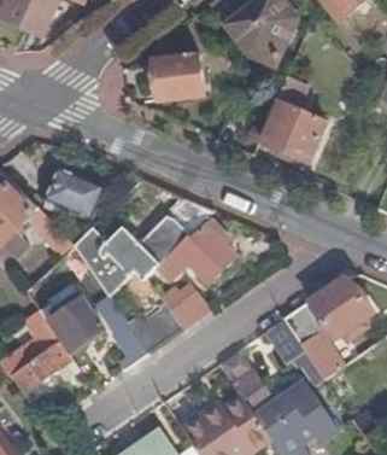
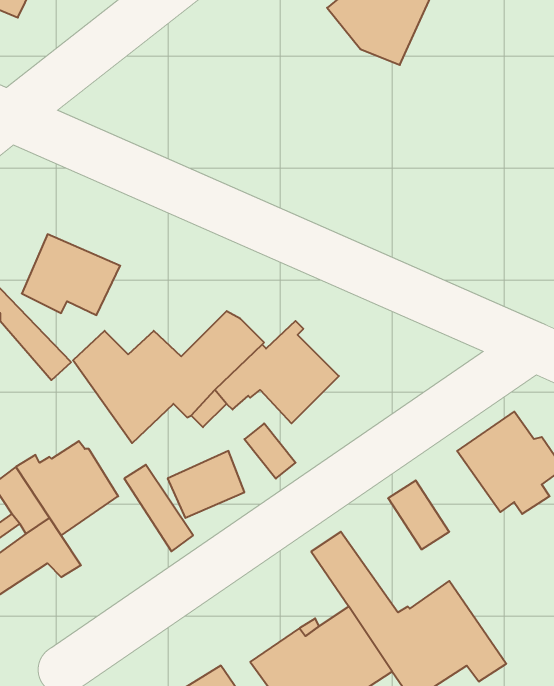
building: [153,54,203,100] -> none
building: [262,75,326,161] -> none
building: [283,303,336,379] -> none

